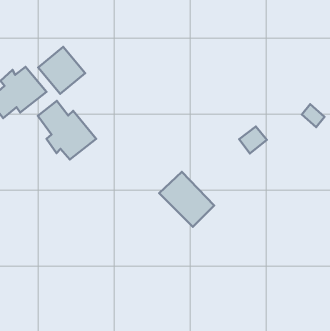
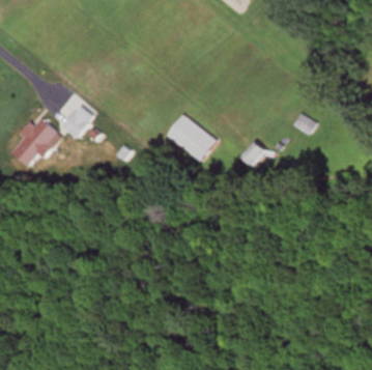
building: [38,101,96,160] -> none
building: [159,172,214,227] -> [166,114,217,162]

